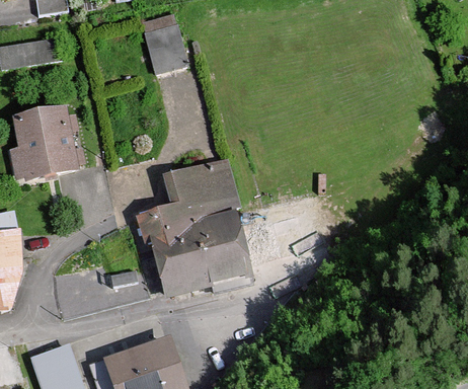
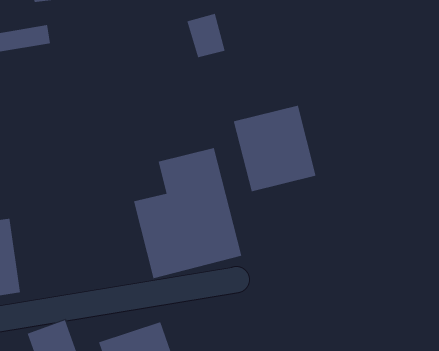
building: [146,24,185,70] -> [187,13,225,58]
building: [13,106,78,179] -> none
building: none -> [233,105,316,192]

